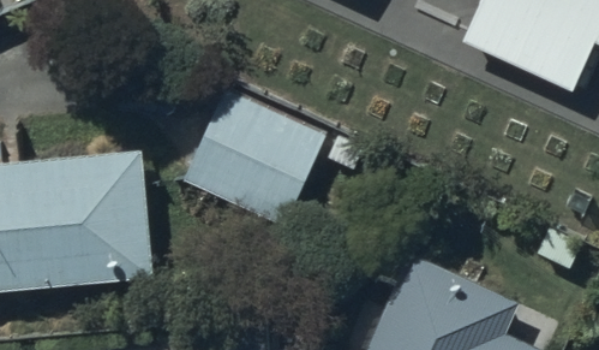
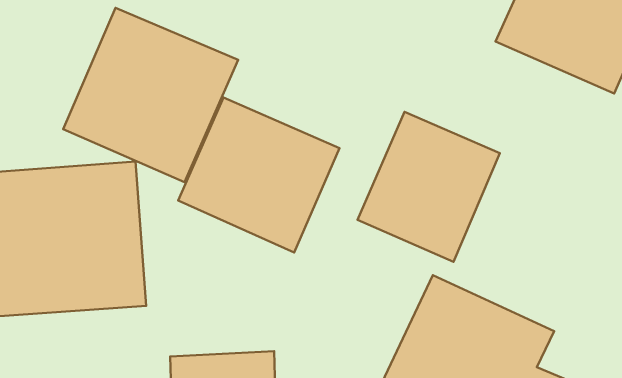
building: none -> [63,8,238,182]
building: none -> [358,112,500,262]

